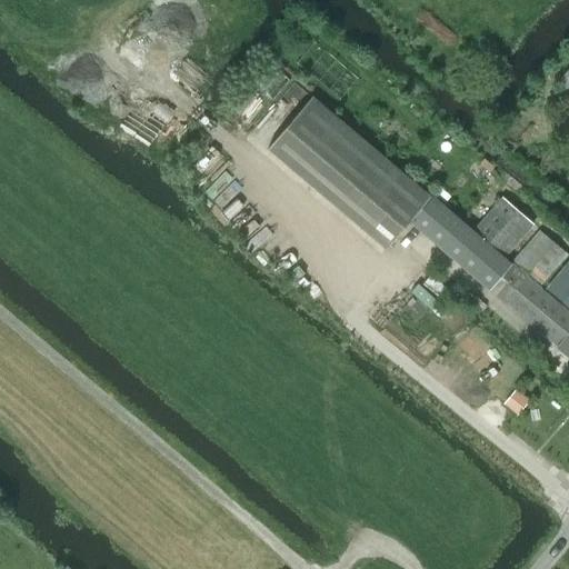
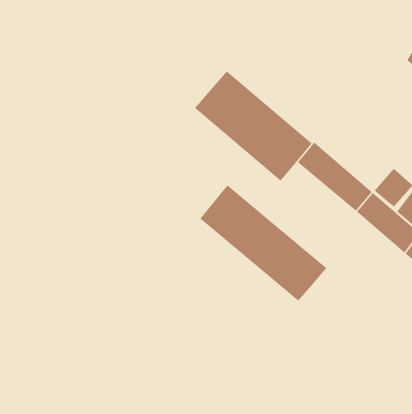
building: [476,198,533,256] -> none
building: none -> [199,184,327,302]

